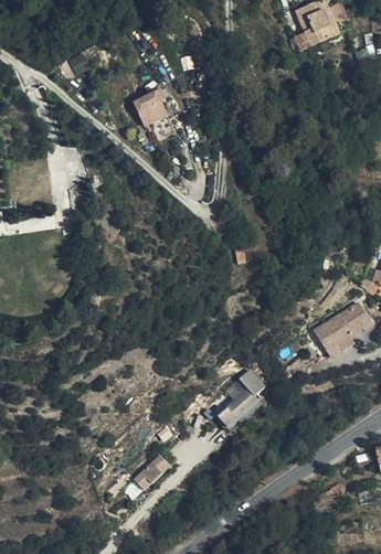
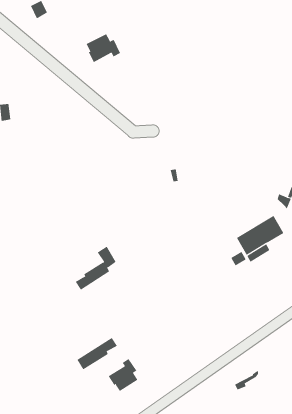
building: [215,374,264,426] -> [75,246,117,290]
building: none -> [108,358,138,392]

